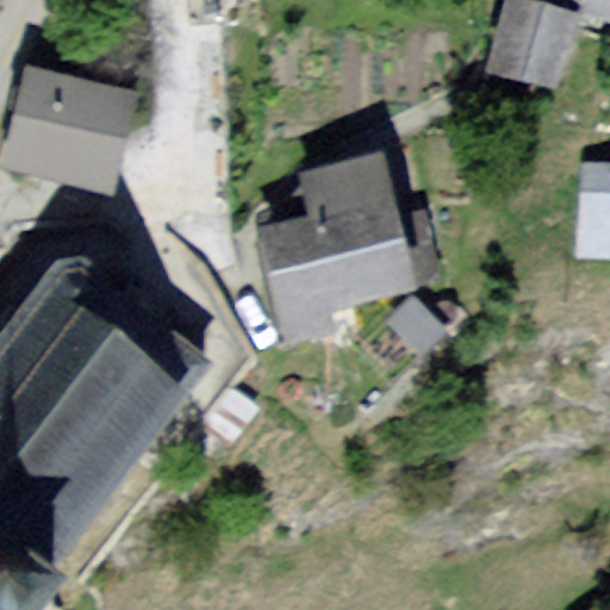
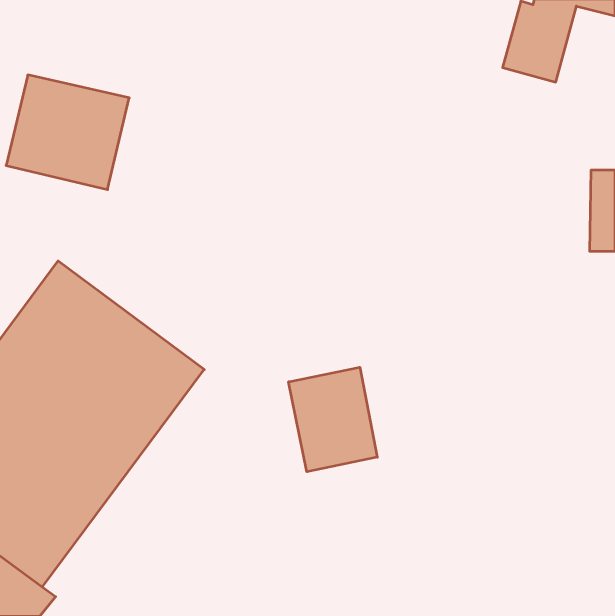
building: [262,157,403,337] -> none
building: none -> [289,367,377,472]

